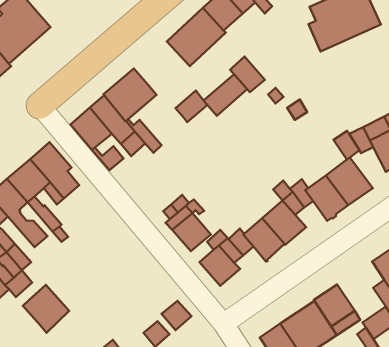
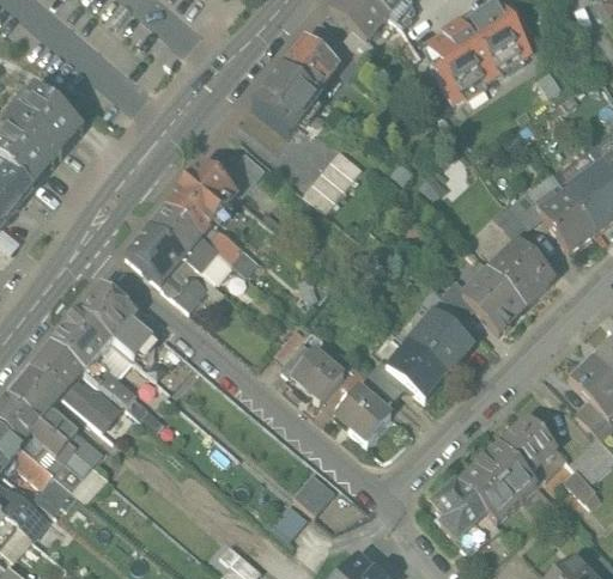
building: [230,56,265,92] -> none
building: [175,90,207,122] -> [223,153,266,199]
building: [23,285,69,333] -> none

